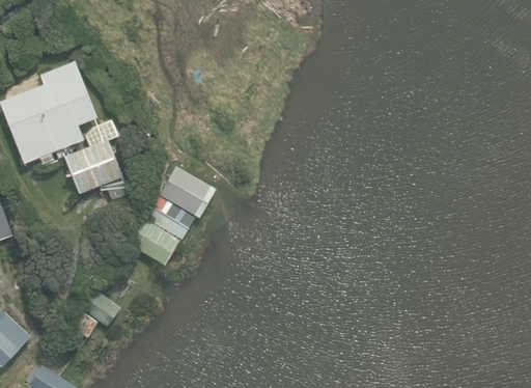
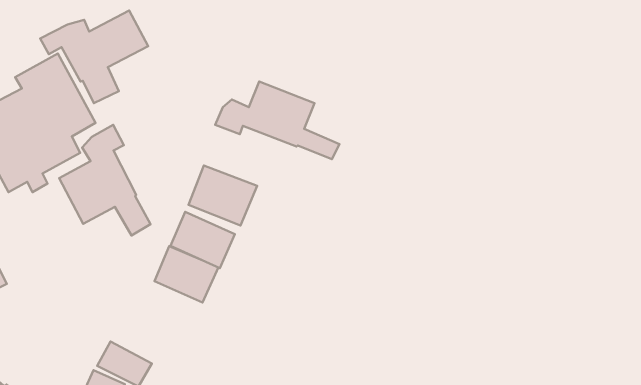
building: none -> [40,11,148,103]
building: none -> [215,81,340,159]

